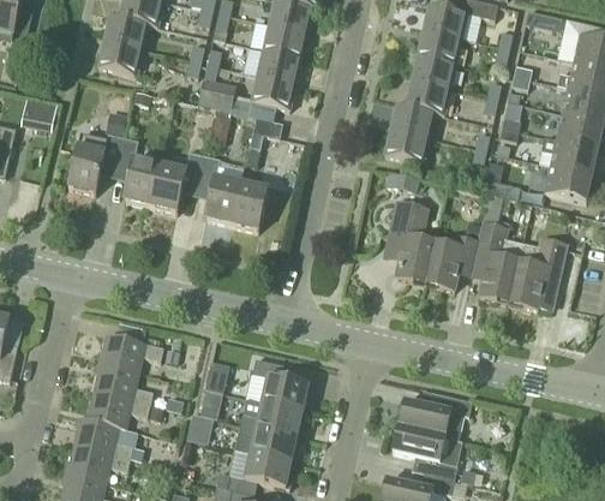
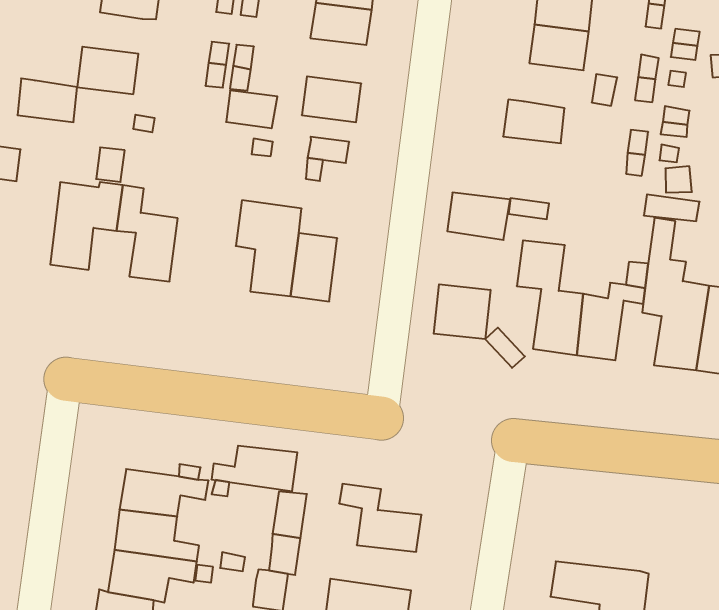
building: [103,14,146,48] -> [17,78,77,122]
building: [257,48,300,83] -> none
building: [406,79,449,115] -> none
building: [383,129,429,165] -> [447,193,510,240]
building: [149,153,204,214] -> none
building: none -> [434,284,490,339]
building: [399,394,472,439] -> none
building: [241,402,302,437] -> [211,446,297,491]

